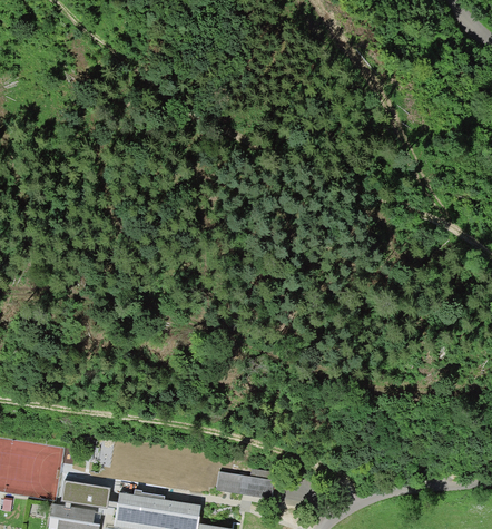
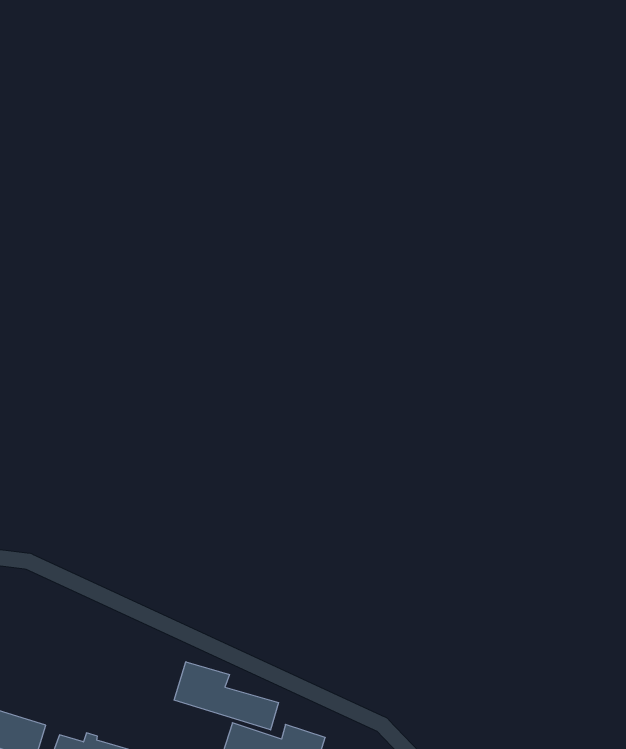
building: none -> [174,662,279,730]

